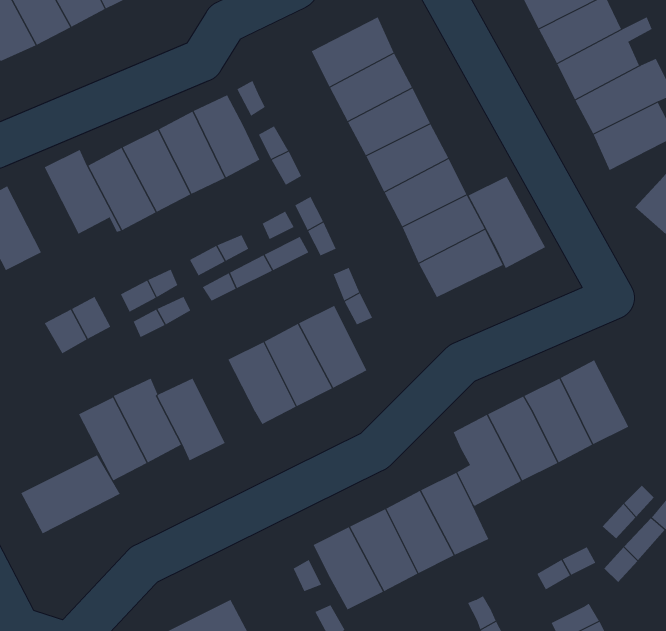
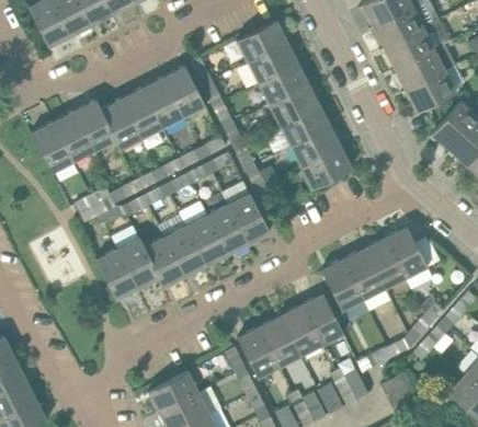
building: none -> [53,111,95,162]
building: [468,176,546,269] -> none
building: none -> [164,227,206,277]
building: [20,454,120,534] -> none

